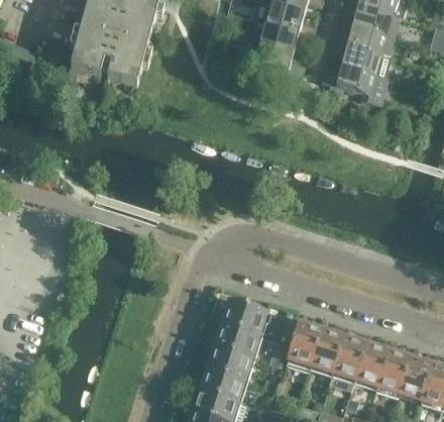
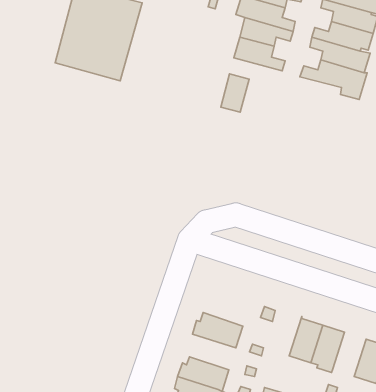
building: none -> [221,74,249,112]
building: [219,299,271,336] -> none
building: [289,320,323,366] -> none
building: [353,342,388,388] -> none
building: [207,344,255,381] -> none

